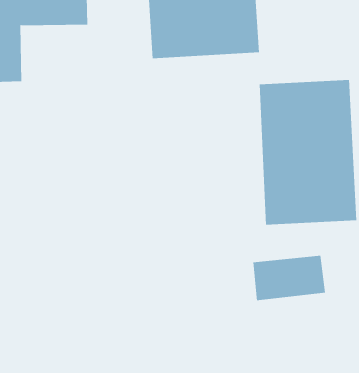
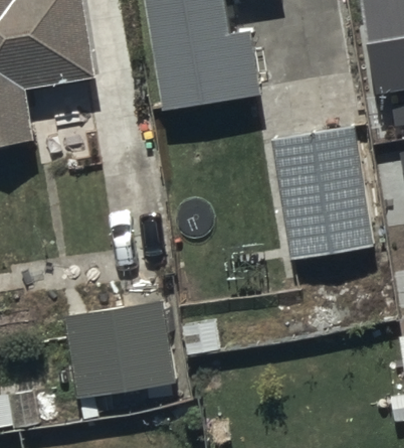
building: none -> [63,300,180,419]

